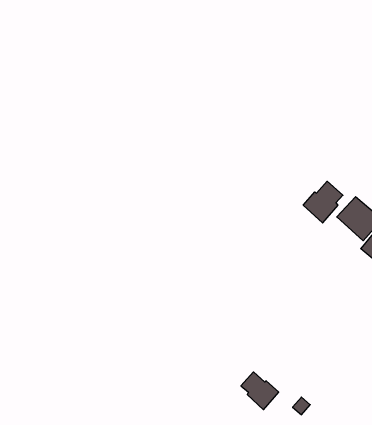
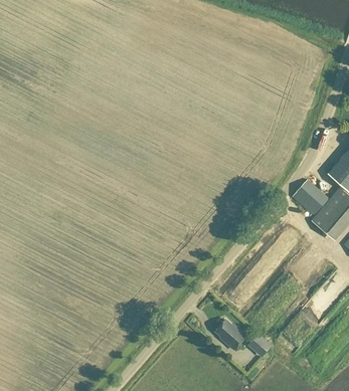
building: [303,181,343,223] -> none

